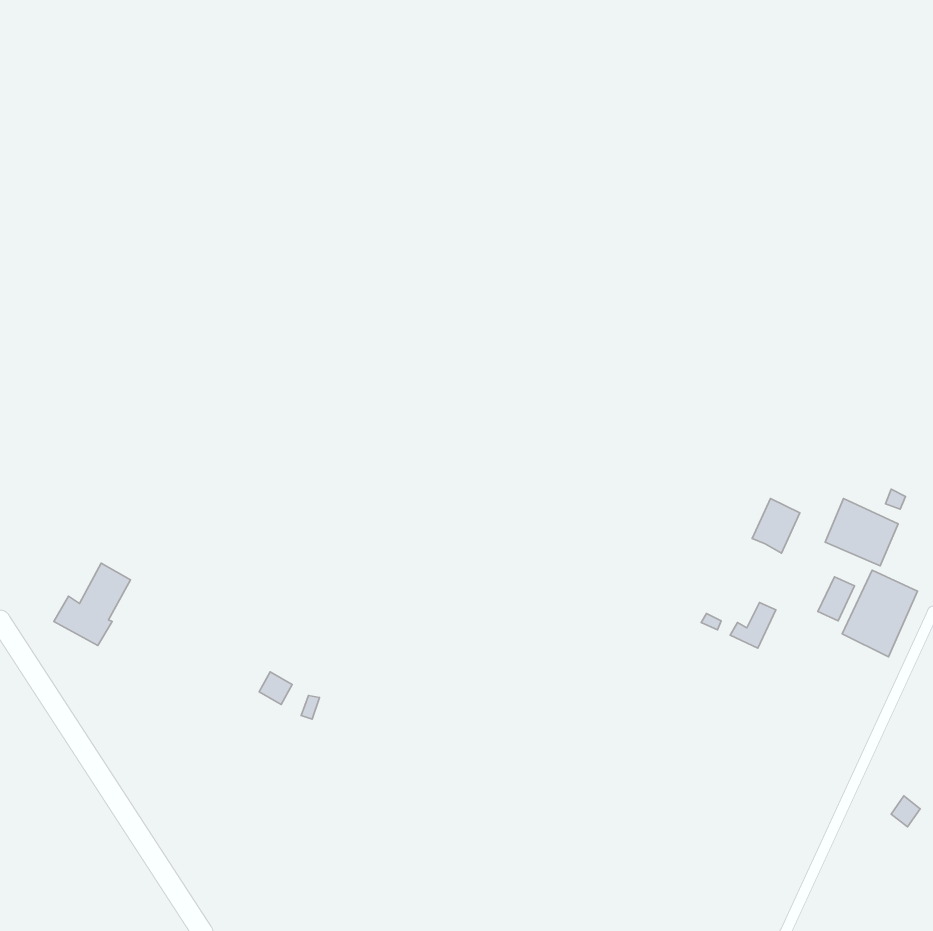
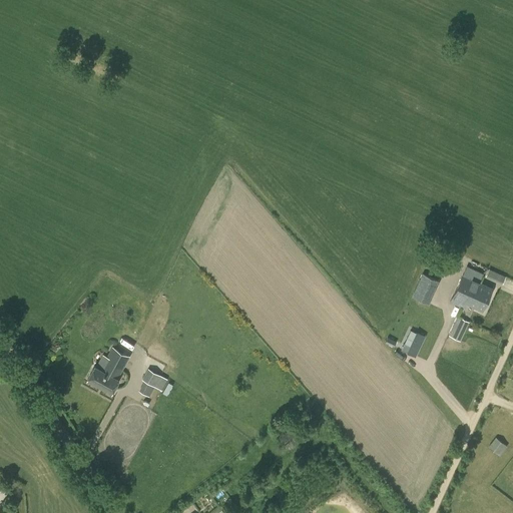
building: [54,563,131,645] -> [87,349,129,394]
building: [842,570,917,657] -> none

